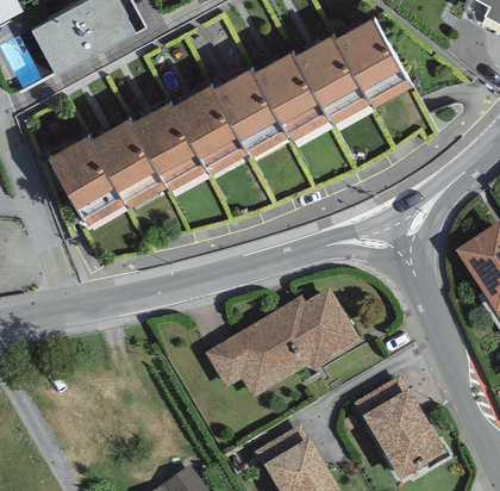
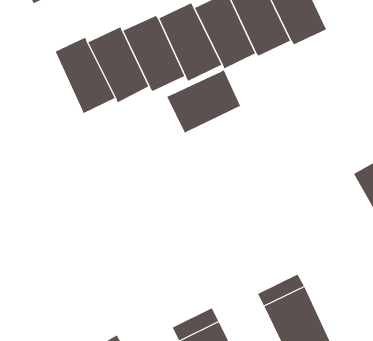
building: [49,130,129,224] -> none
building: none -> [167,69,241,134]
building: [206,290,362,400] -> none

